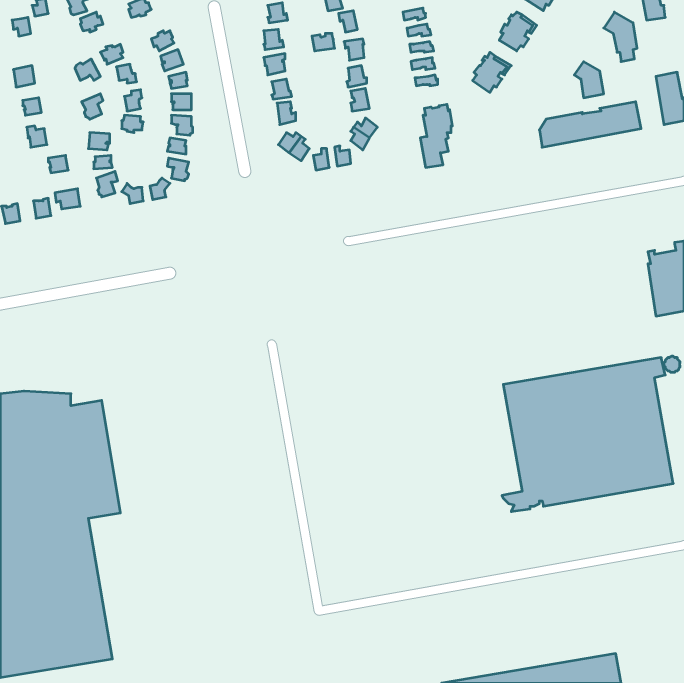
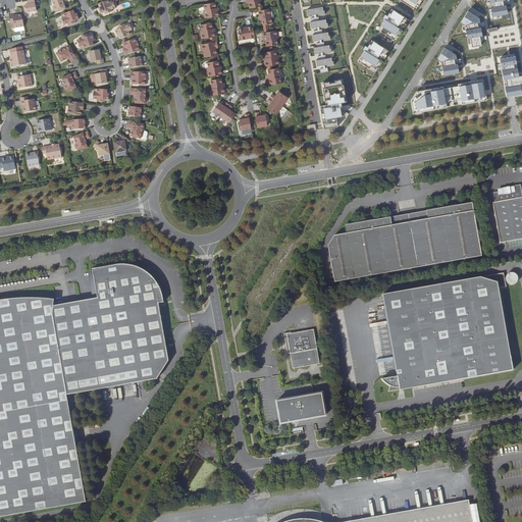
building: none -> [331,202,481,280]
building: none -> [77,267,168,390]
building: none -> [282,328,319,367]
building: none -> [276,392,326,422]

